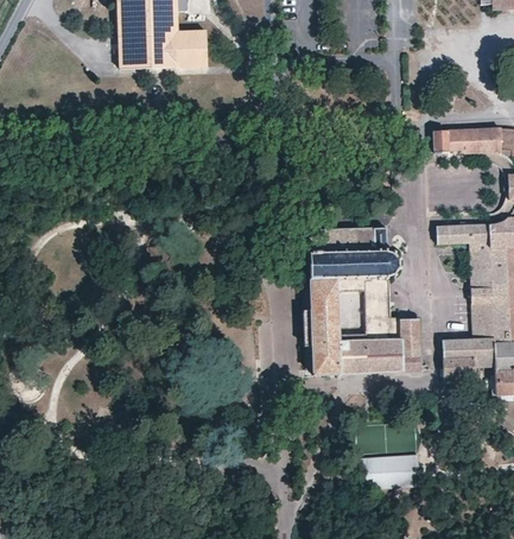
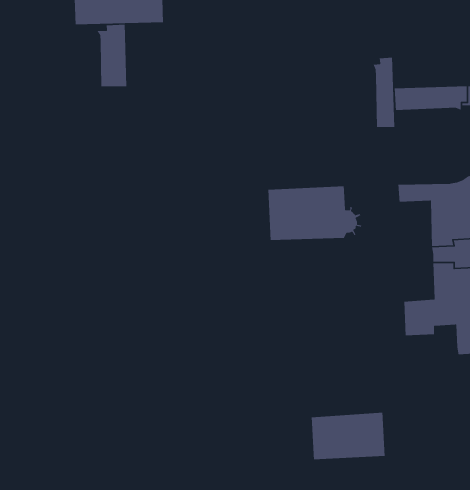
building: none -> [96,24,127,87]
building: none -> [372,57,395,128]
building: [311,278,423,378] -> none

